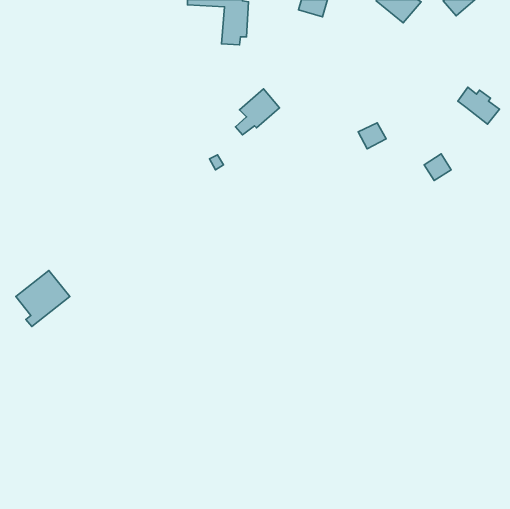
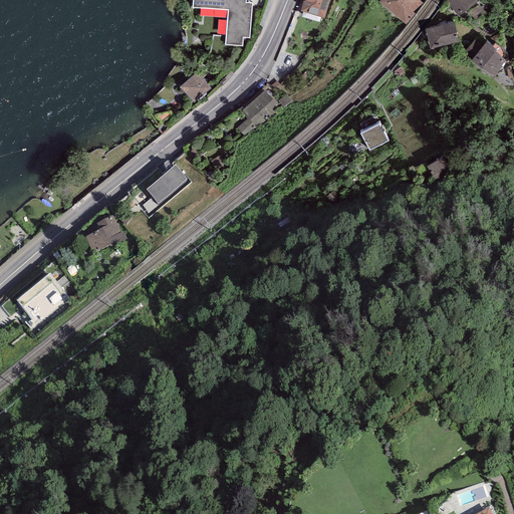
building: none -> [426,22,458,47]
building: none -> [180,71,212,102]
building: [458,87,500,124] -> [464,38,506,75]
building: none -> [146,164,188,204]
building: none -> [84,214,127,253]

